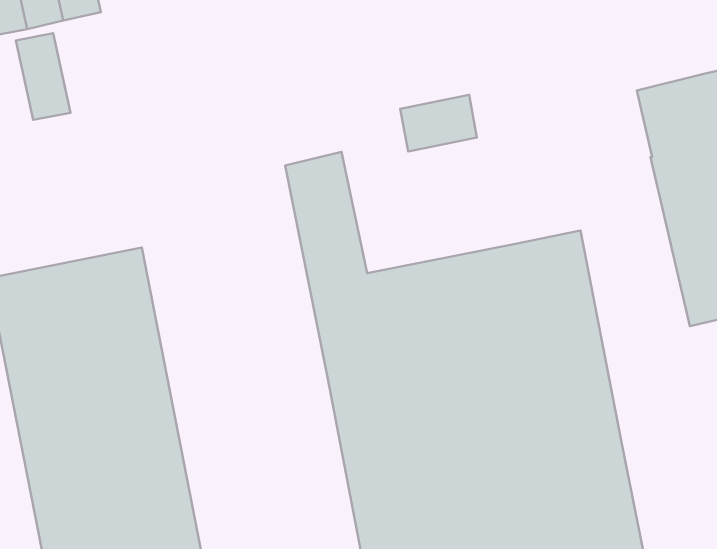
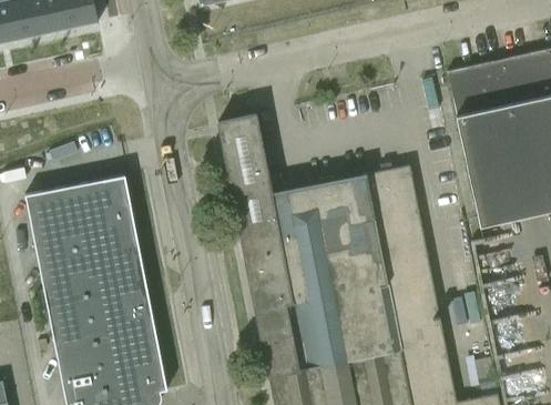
building: [16,33,70,120] -> none
building: [400,95,477,151] -> none

